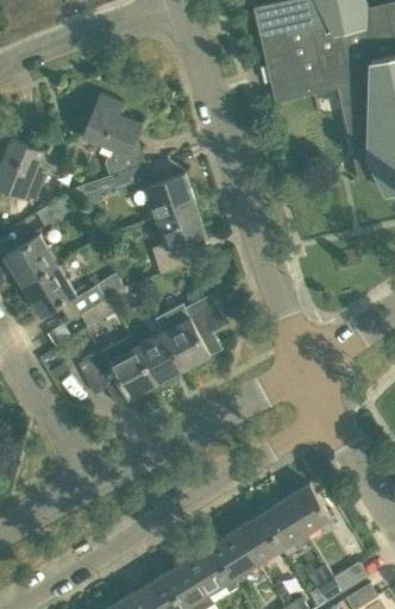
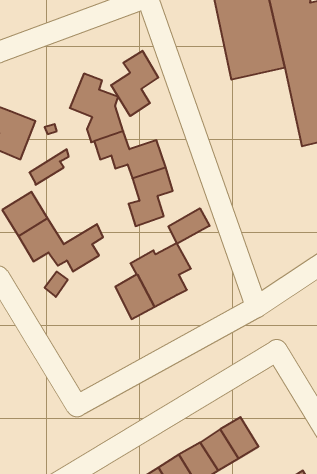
building: none -> [111,51,158,116]
building: none -> [168,208,210,244]
building: [77,337,156,404] -> none
building: [284,484,330,534] -> none

